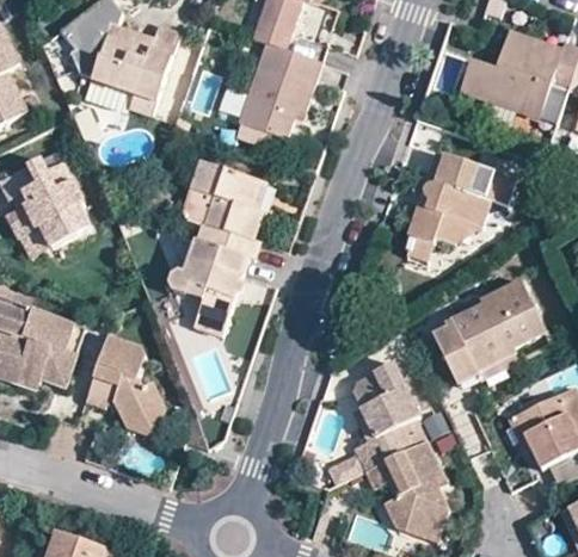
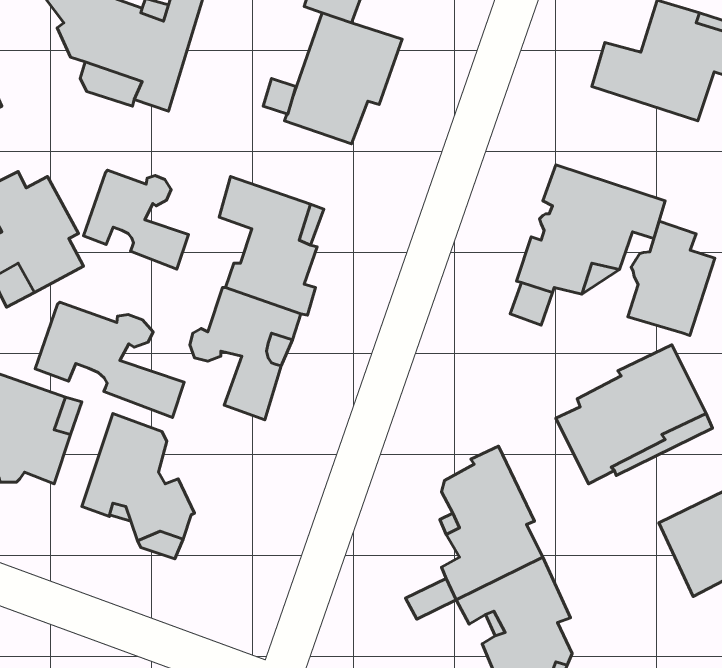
building: none -> [84,170,189,269]
building: none -> [628,221,715,335]
building: none -> [35,302,184,418]

